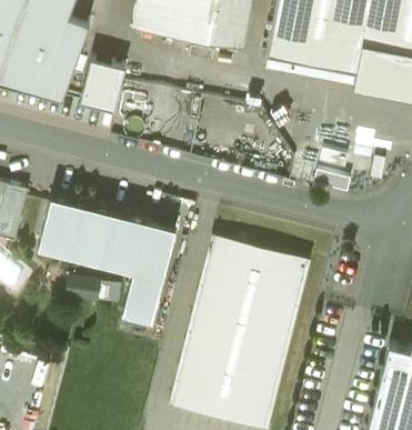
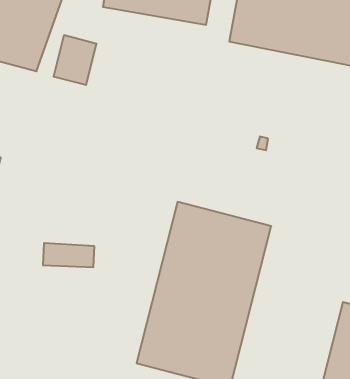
building: [39,196,177,321] -> none

